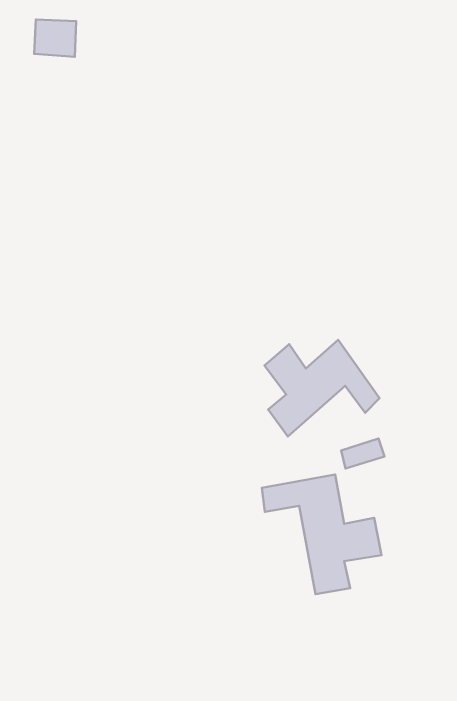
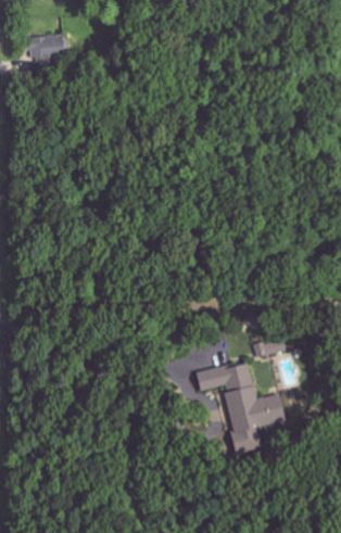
building: [265,340,380,437] -> none

